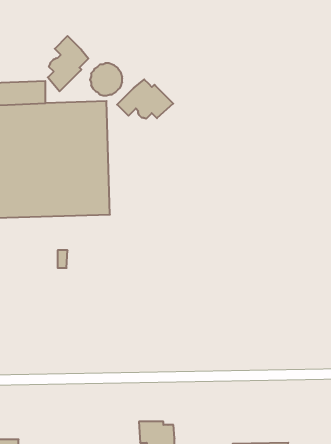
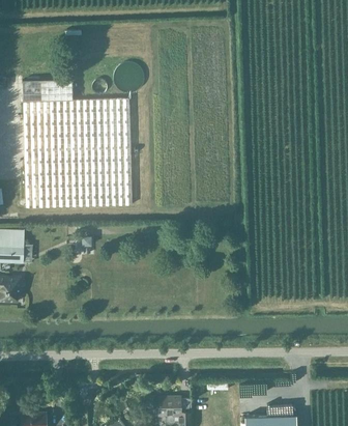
building: [48,36,88,91] -> none
building: [117,79,173,119] -> none

